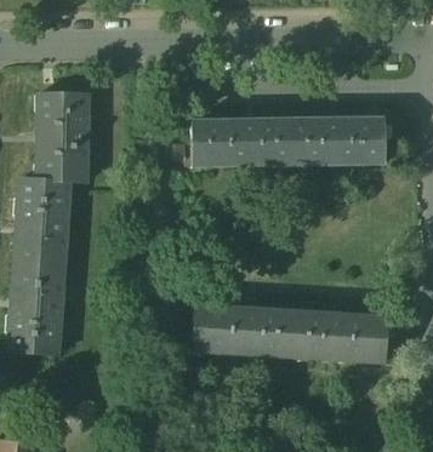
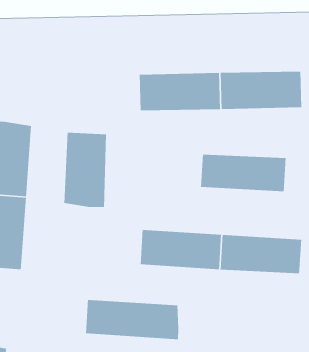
building: [36,93,87,183] -> [64,132,107,208]
building: none -> [200,154,287,192]
building: none -> [85,299,179,340]

